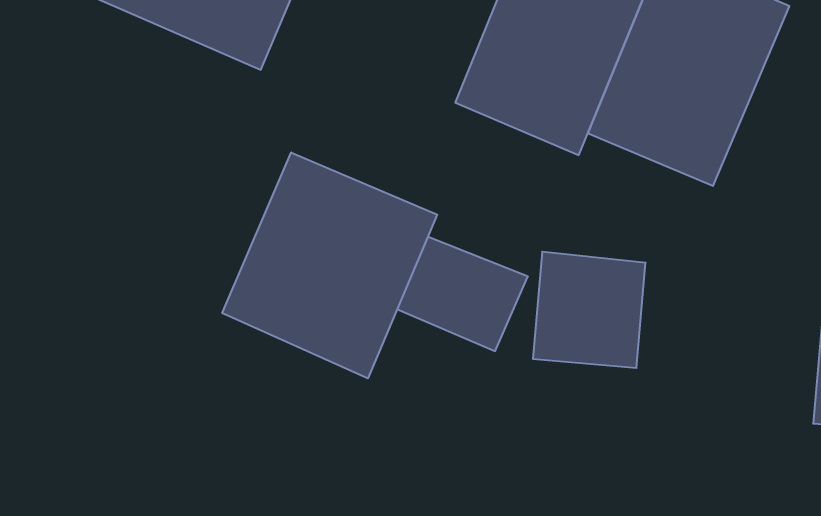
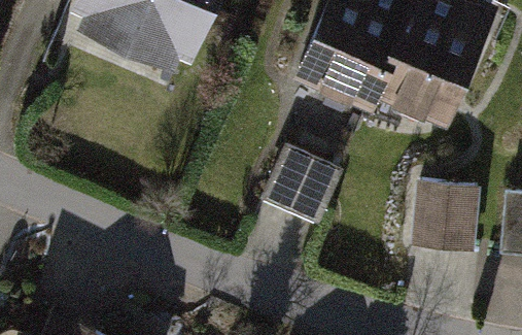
building: [222,152,437,378] -> none
building: [533,252,646,368] -> [411,187,475,253]

